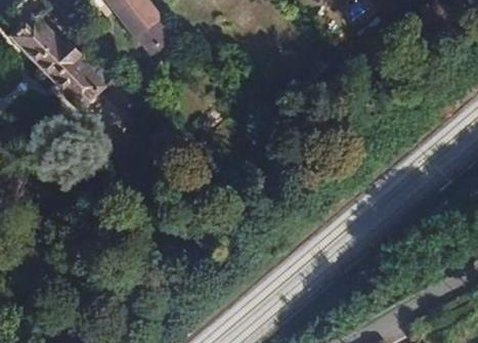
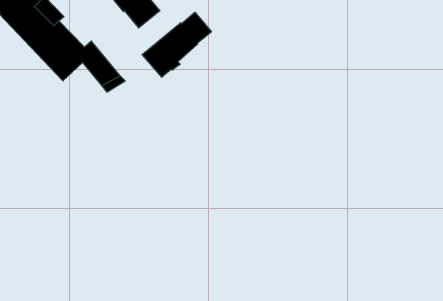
building: none -> [142,12,211,77]

